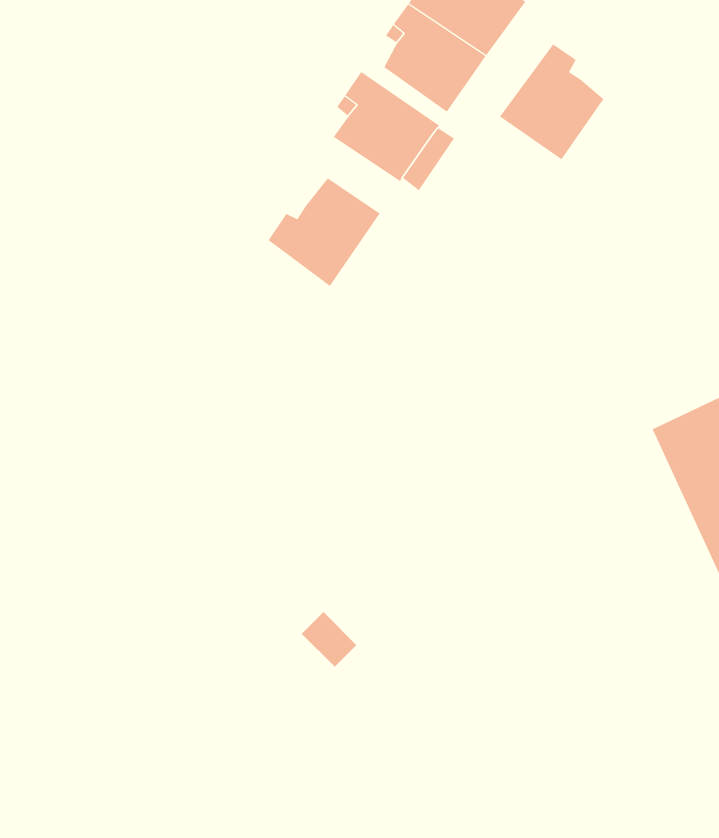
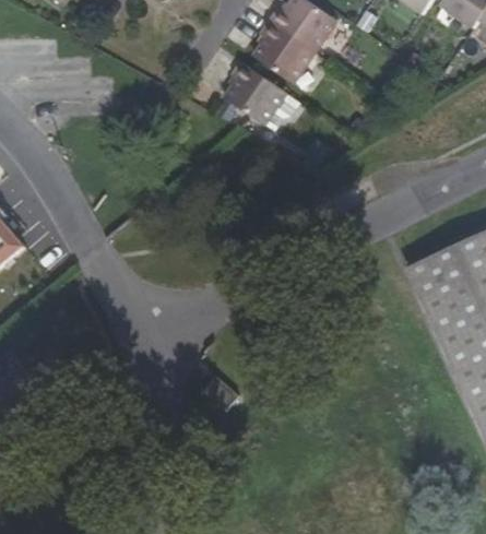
building: [499,44,604,160] -> none
building: [268,177,380,287] -> none

